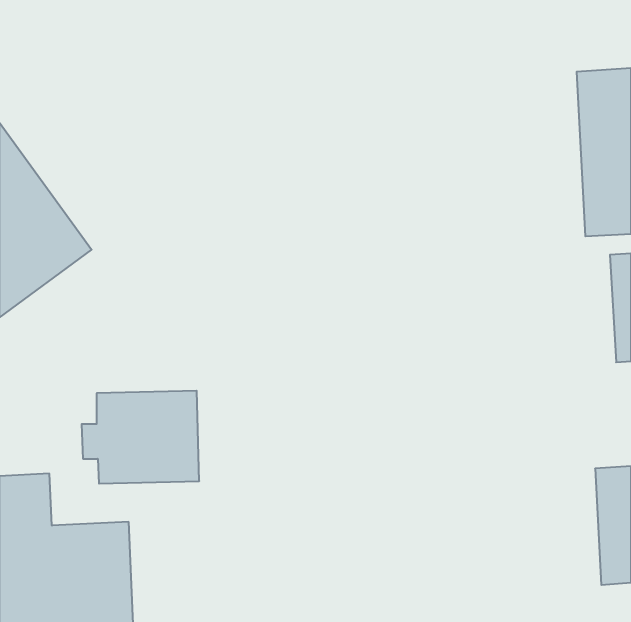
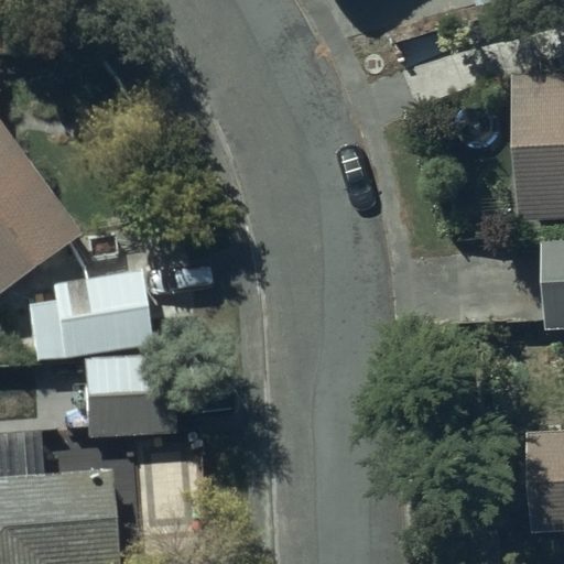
building: none -> [28,269,154,364]

